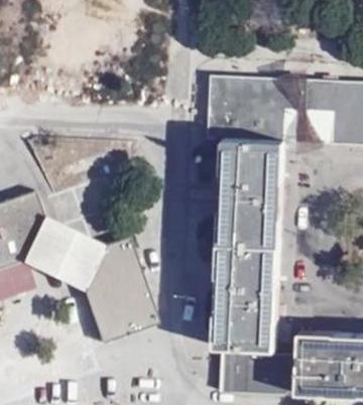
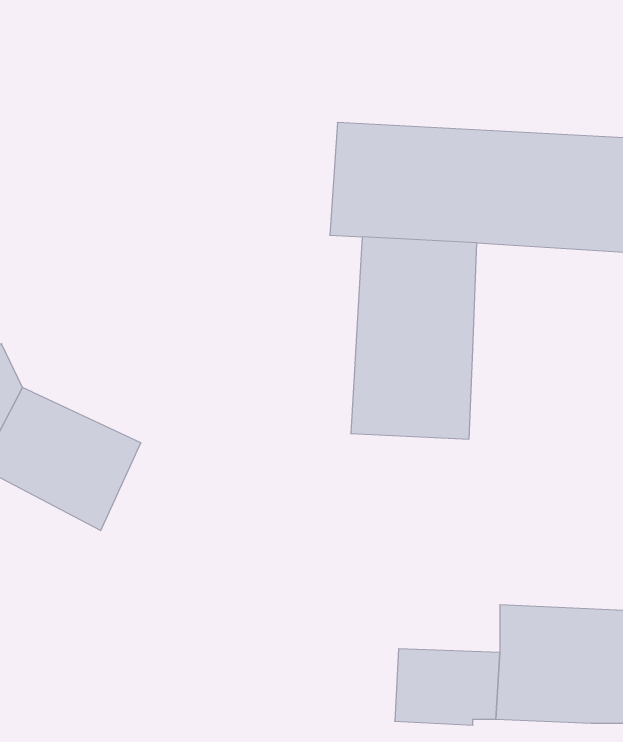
building: [85,236,160,342] -> none
building: [212,240,279,348] -> none
building: [216,353,242,392] -> none

